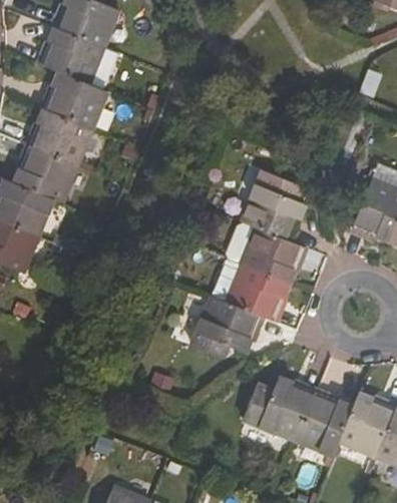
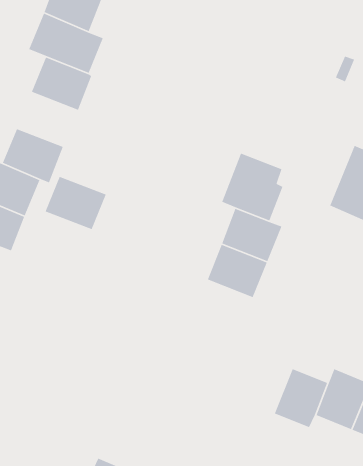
building: [29,108,93,164] -> [45,176,107,230]
building: [190,296,261,359] -> none
building: [243,379,314,440] -> none

